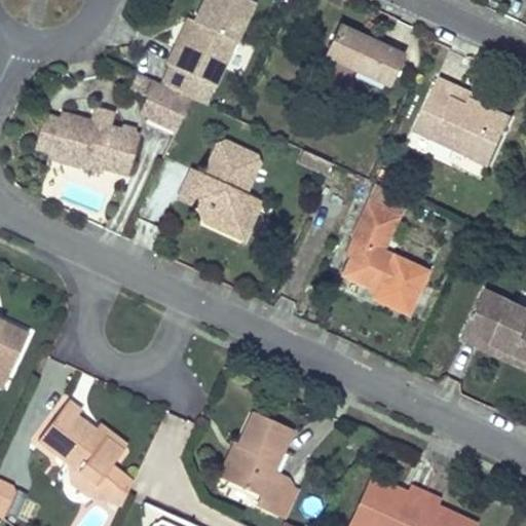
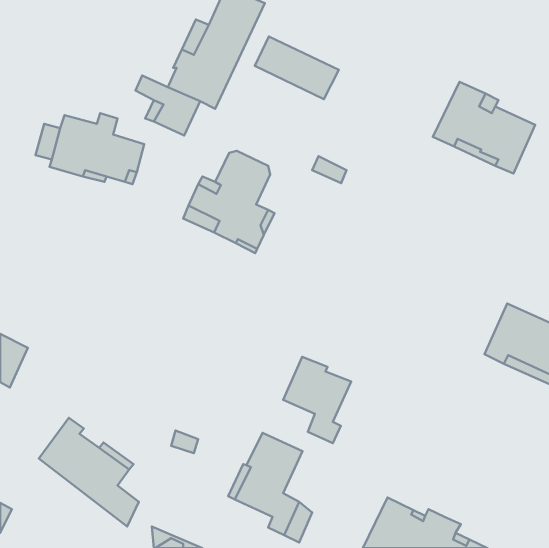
building: [326,28,406,87] -> [255,37,339,99]
building: [346,201,430,314] -> none
building: none -> [283,357,351,443]

